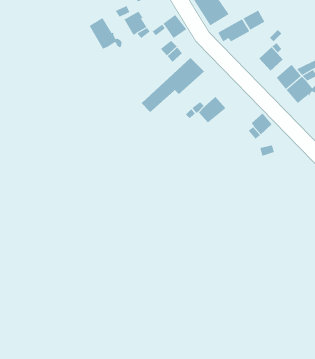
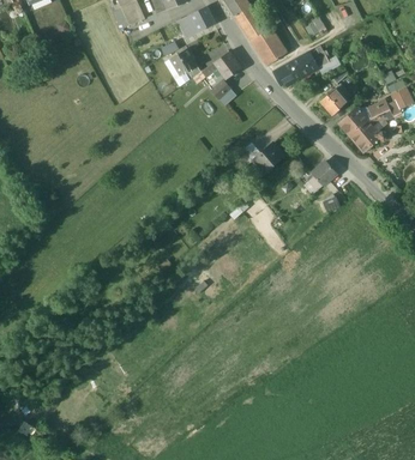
building: [89,17,122,49] -> none
building: [140,57,205,113] -> none

